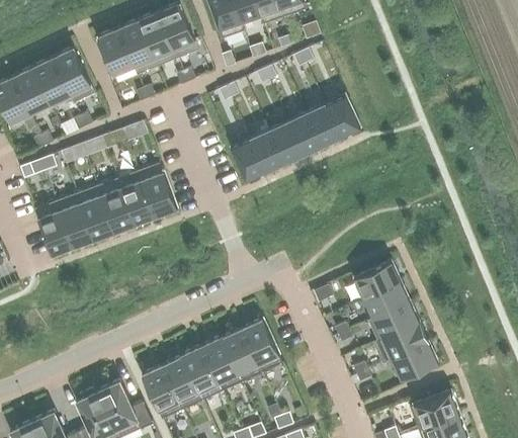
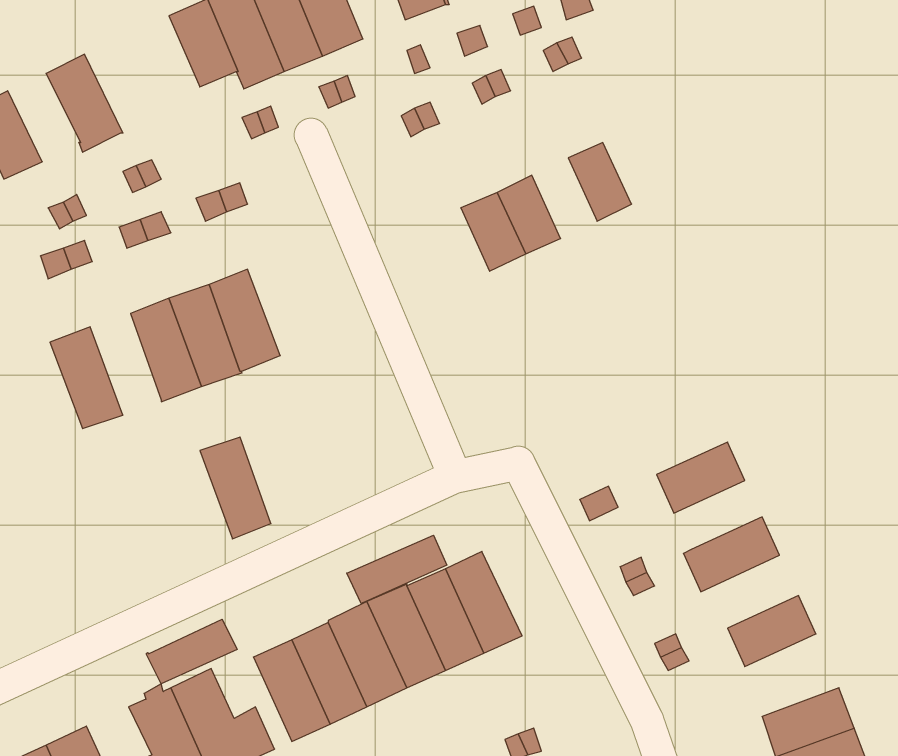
building: [53,48,95,103] -> none
building: [12,67,51,113] -> none
building: [326,94,361,136] -> none
building: [288,111,323,154] -> none
building: [232,138,266,180] -> none
building: [139,162,176,215] -> none
building: [56,193,93,247] -> [200,437,271,539]
building: [363,281,410,318] -> none
building: none -> [347,535,447,604]
building: [372,321,429,363] -> none
building: none -> [146,619,237,684]

